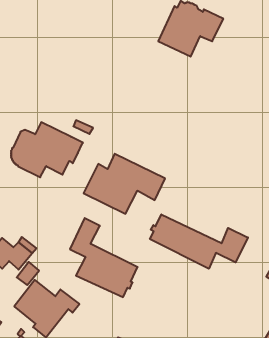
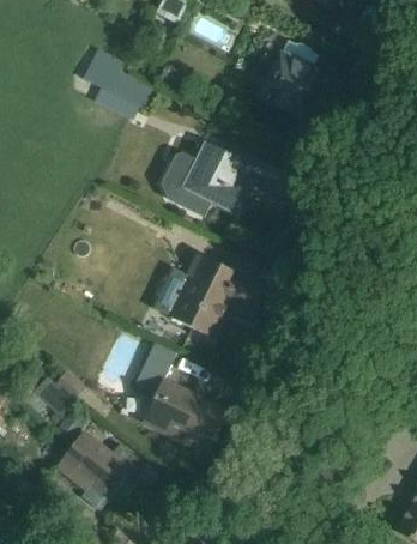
building: none -> [83,47,149,117]
building: [11,122,83,177] -> [162,140,262,217]
building: [150,214,248,269] -> none

